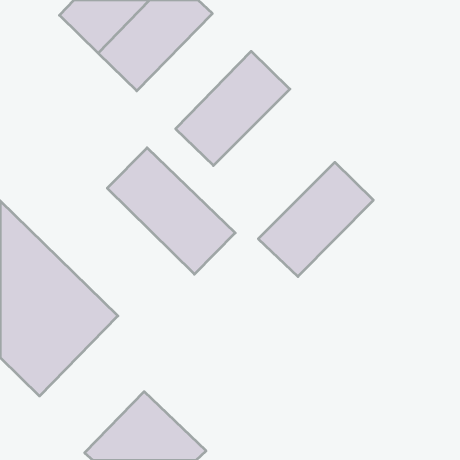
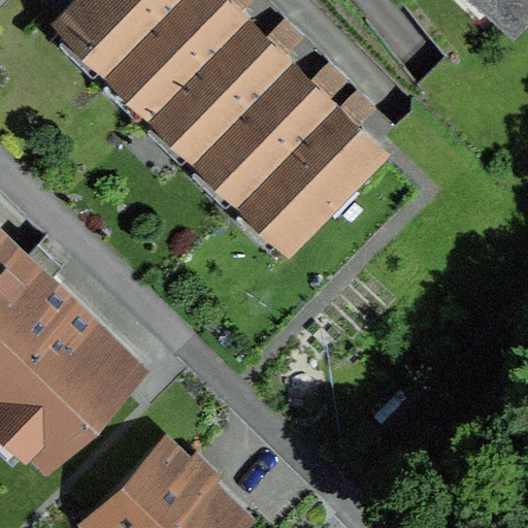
building: none -> [157,15,288,147]
building: [107,148,235,274] -> none
building: [258,162,373,277] -> [244,102,376,233]

